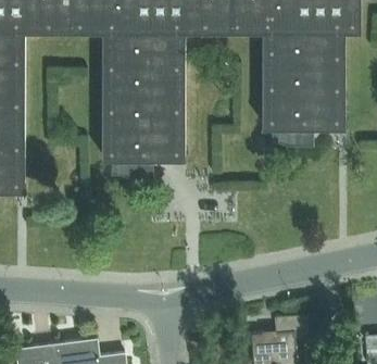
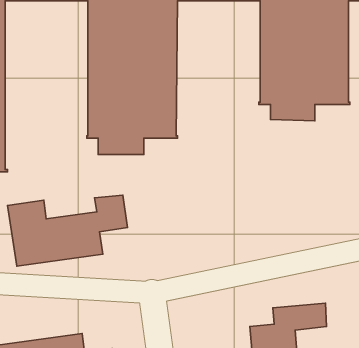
building: none -> [8,195,128,266]

